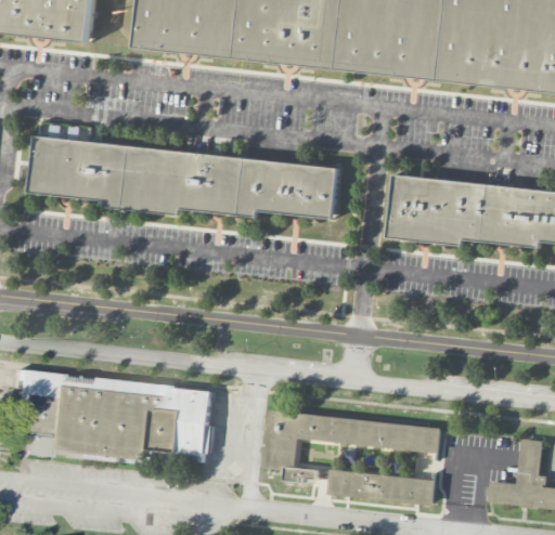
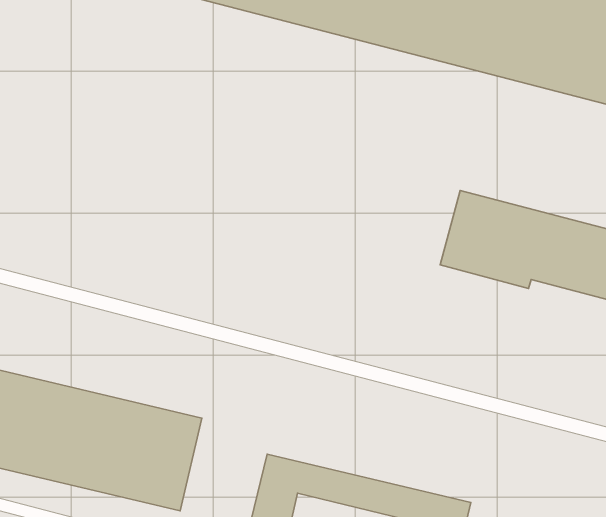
building: [33,138,343,219] -> none

